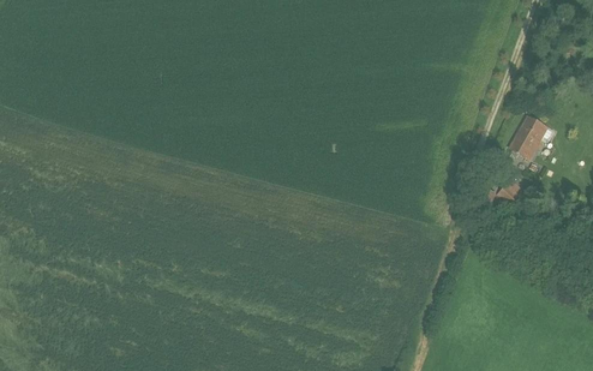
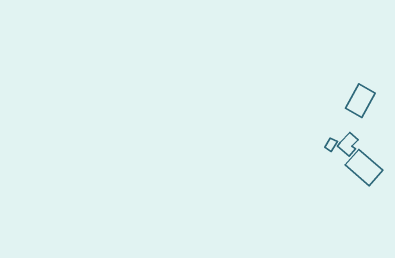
building: none -> [345,149,383,186]

